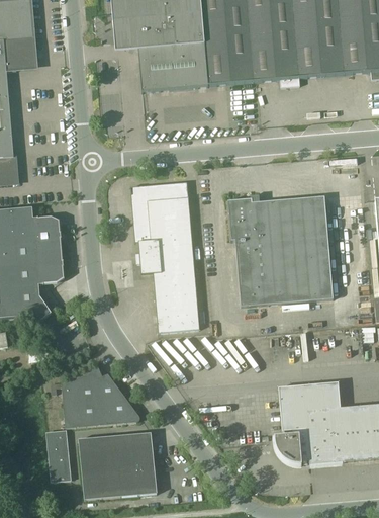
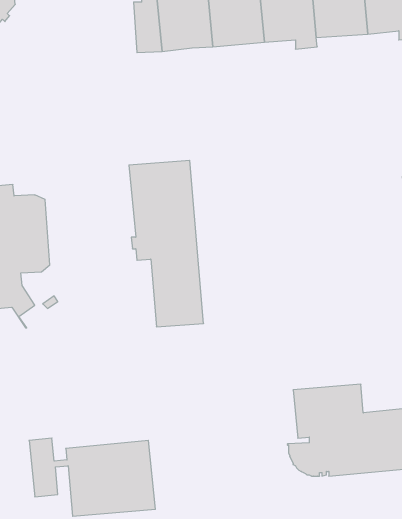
building: [227,193,333,305] -> none
building: [61,365,139,427] -> none

